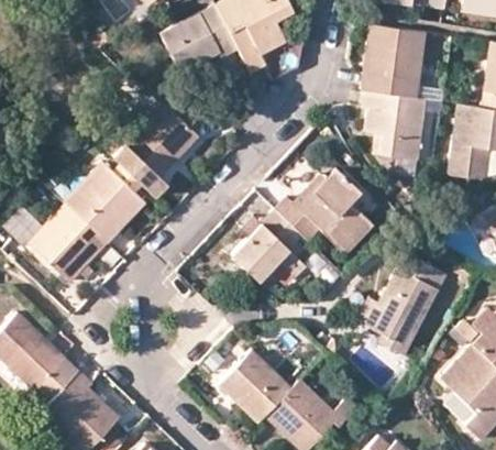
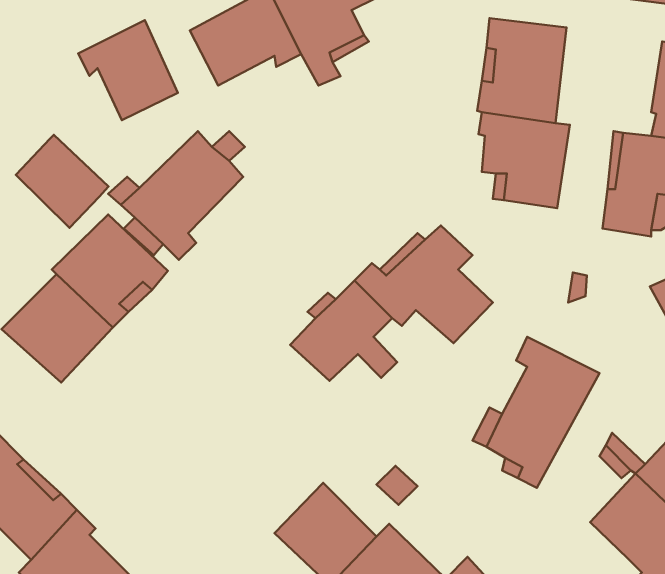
building: none -> [78,20,178,120]
building: none -> [16,135,108,228]

